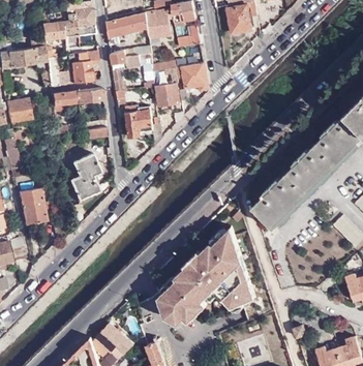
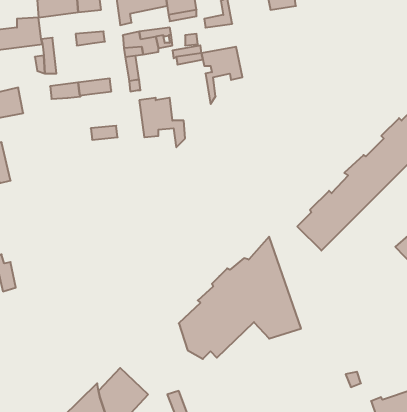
building: [71,60,92,83] -> none
building: [156,82,179,106] -> none
building: [69,152,99,197] -> none
building: [19,186,47,223] -> none

